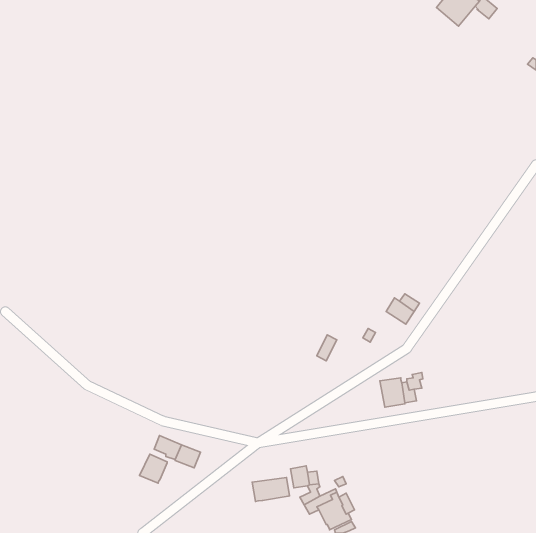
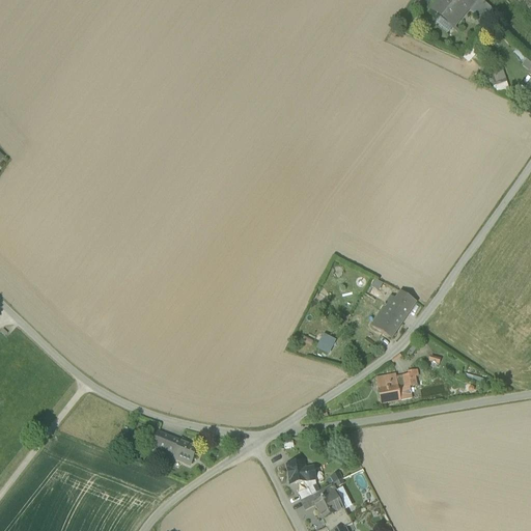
building: none -> [371,308,401,336]
building: [140,454,167,483] -> none
building: [252,478,289,501] -> none

